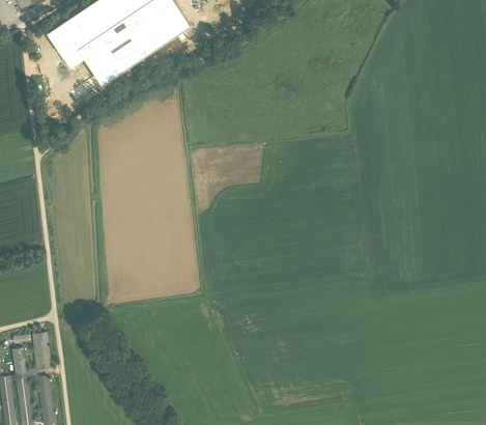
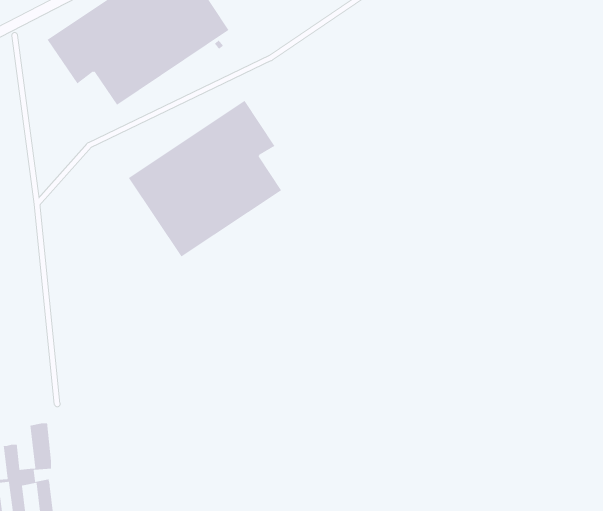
building: none -> [128,100,282,257]

